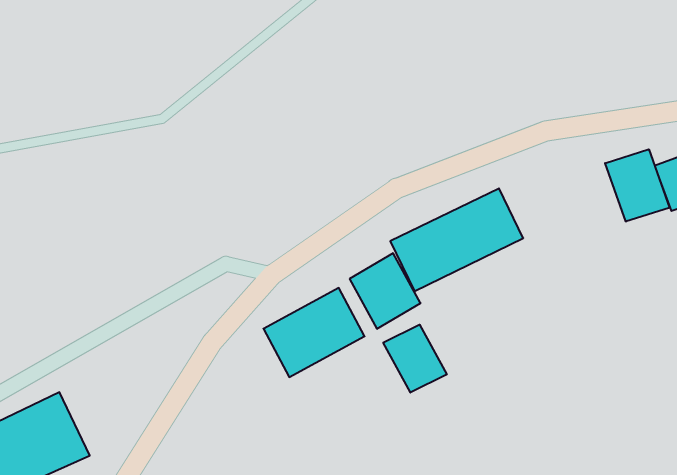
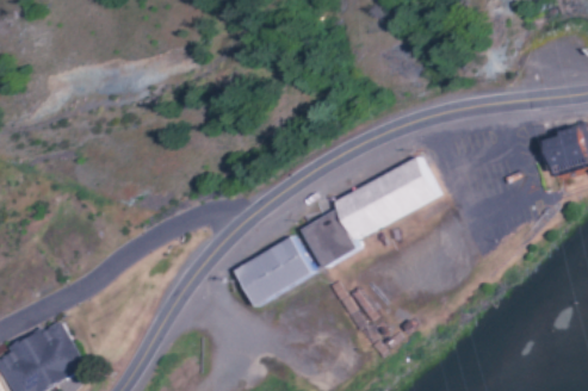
building: [605,149,670,222] -> none
building: [383,325,447,393] -> none

